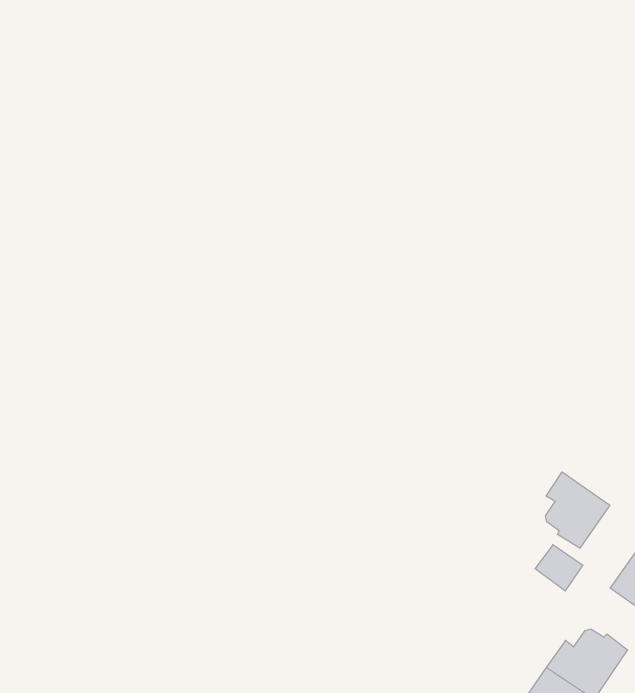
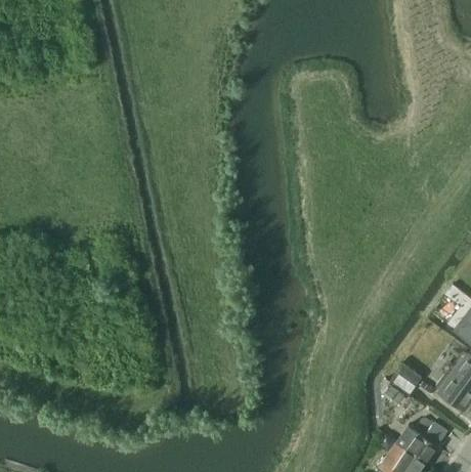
building: [546,472,610,548] -> none

